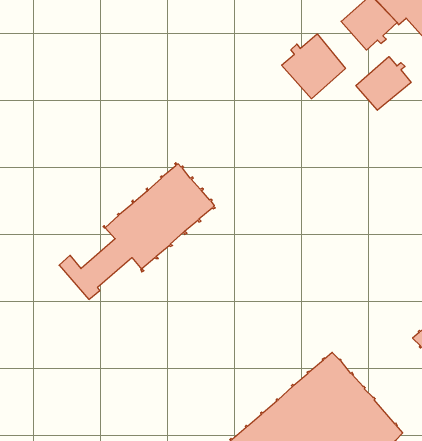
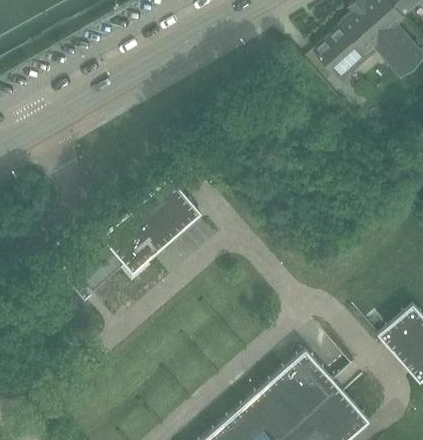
building: [282,34,345,99] -> none
building: [356,57,411,110] -> none

